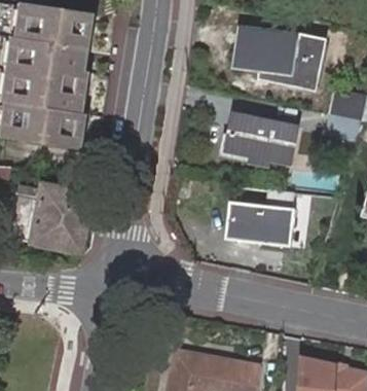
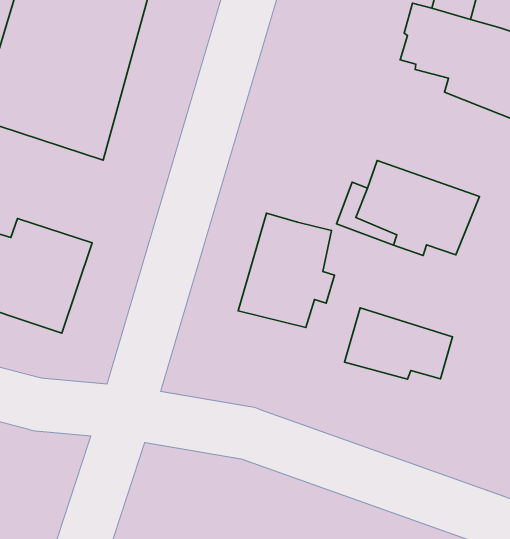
building: none -> [238,213,335,327]

